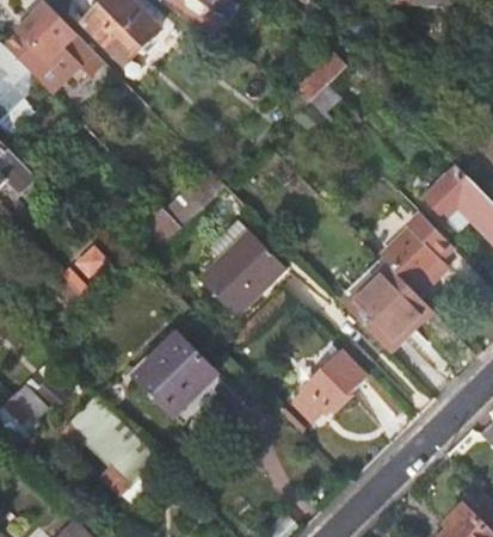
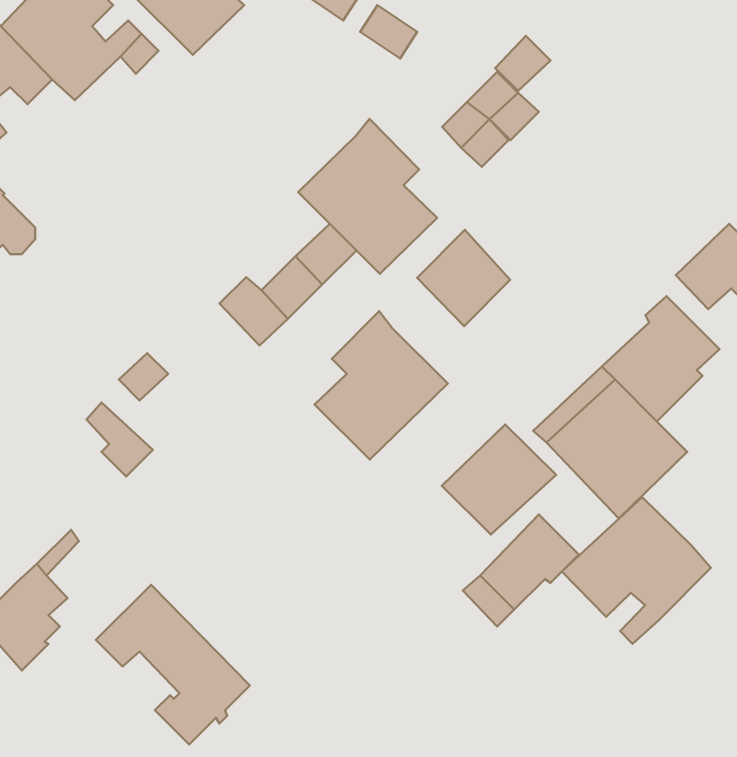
building: none -> [298,119,437,274]
building: none -> [417,230,510,326]
building: none -> [442,424,556,534]
building: [136,335,216,415] -> none
building: none -> [562,497,711,644]

